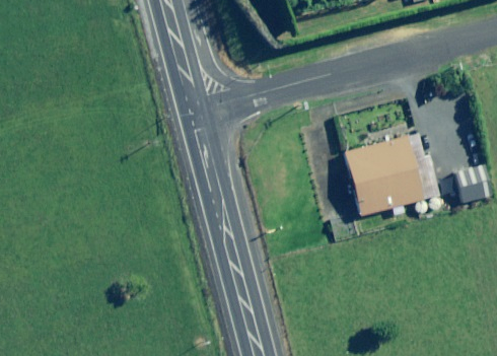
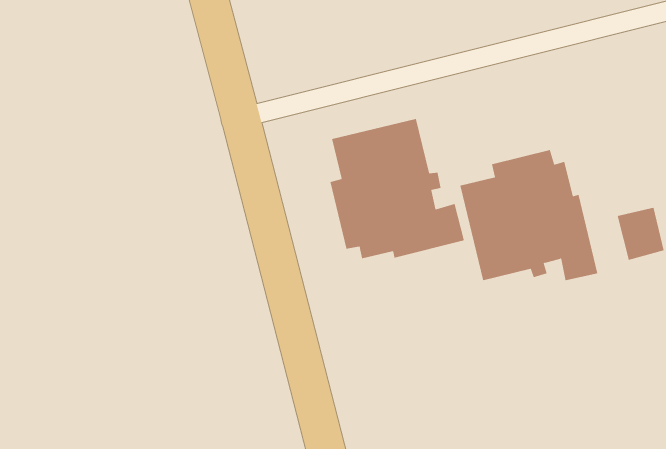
building: none -> [330,118,465,259]

